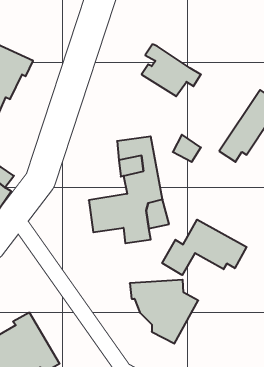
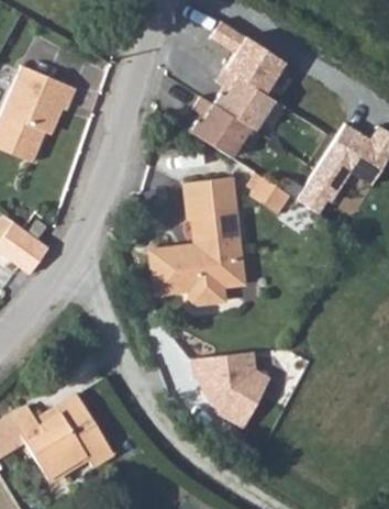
building: none -> [215,22,289,98]
building: none -> [184,98,254,159]
building: [162,220,247,275] -> none

